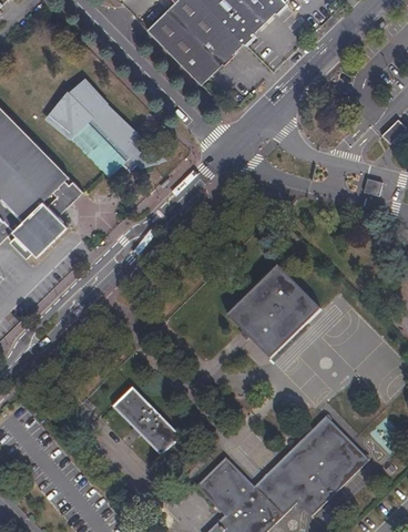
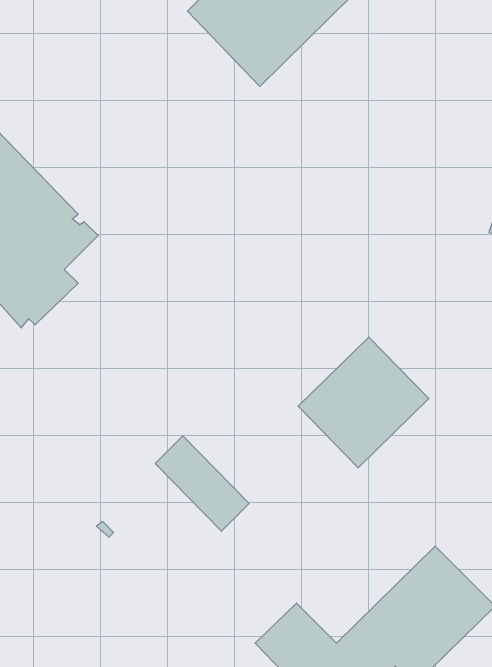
building: [51,82,166,181] -> none
building: [112,387,180,456] -> [155,436,249,531]

